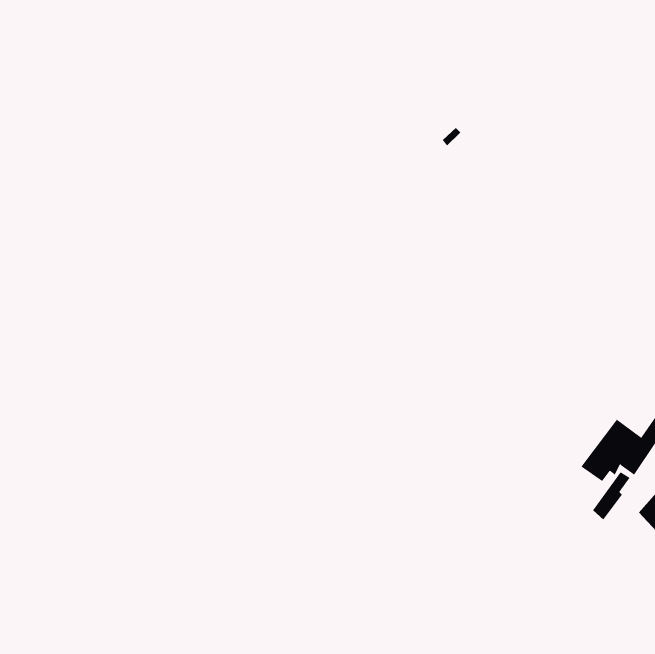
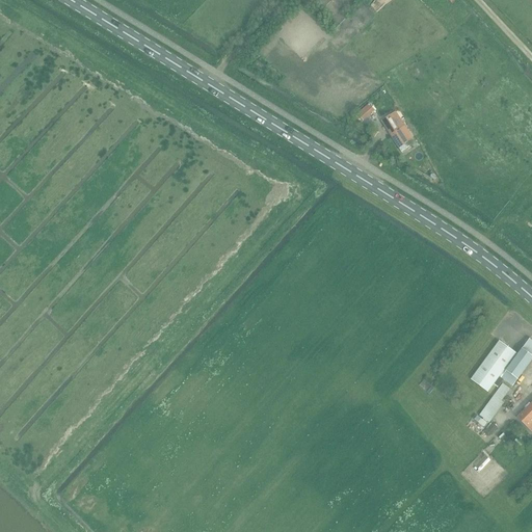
building: none -> [382,111,413,150]

